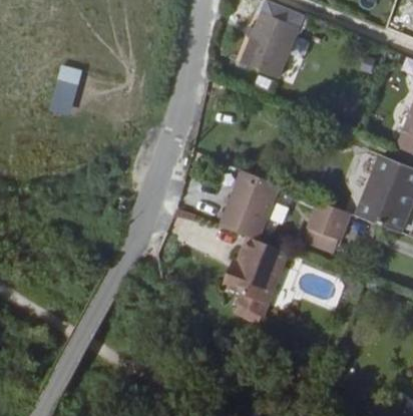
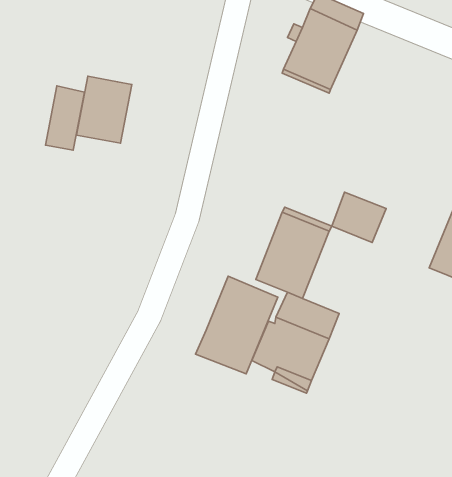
building: none -> [76,76,132,143]
building: [306,199,349,240] -> [332,192,386,243]
building: none -> [196,276,278,374]

